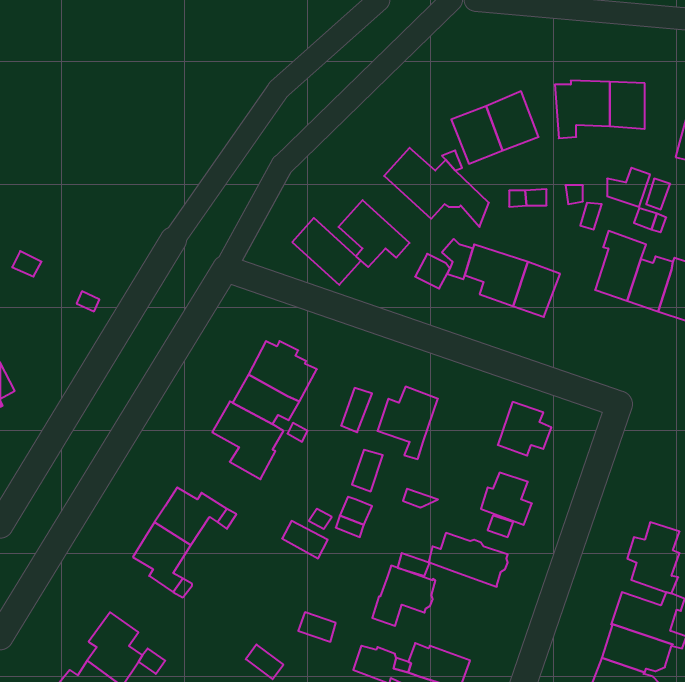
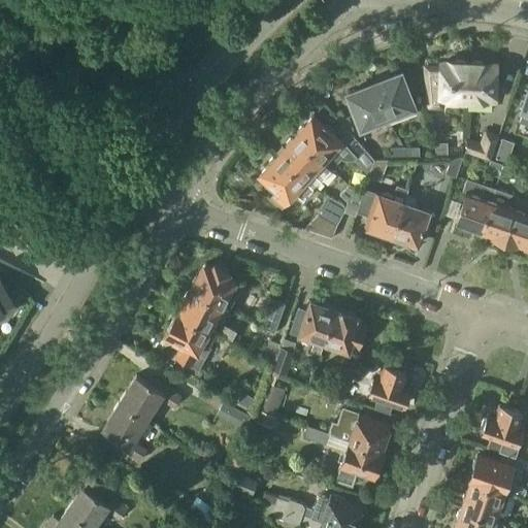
building: [292,218,361,285] -> [279,138,332,190]
building: [498,402,551,456] -> [326,309,367,351]
building: [372,566,435,626] -> [336,442,385,489]

